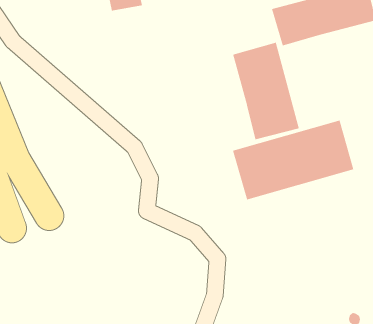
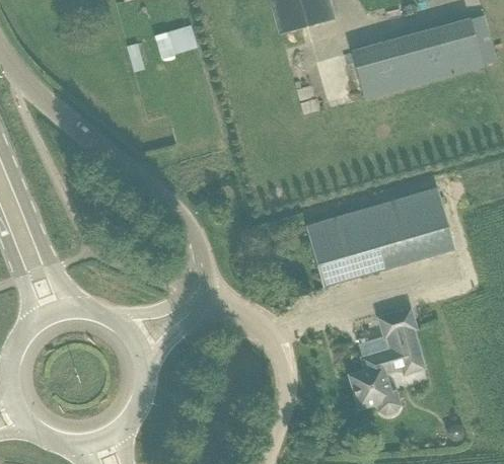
building: [233,42,299,140] -> none
building: none -> [352,308,424,413]

